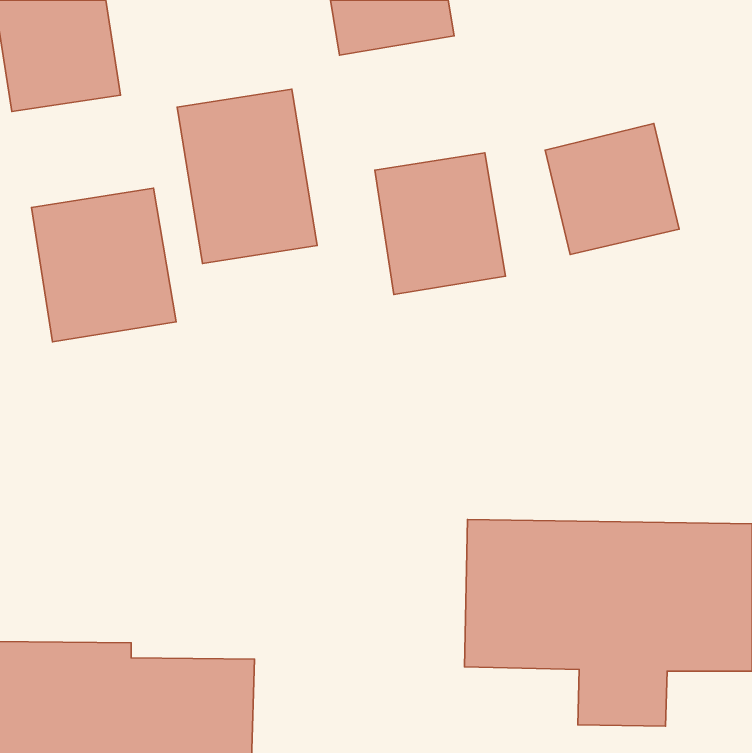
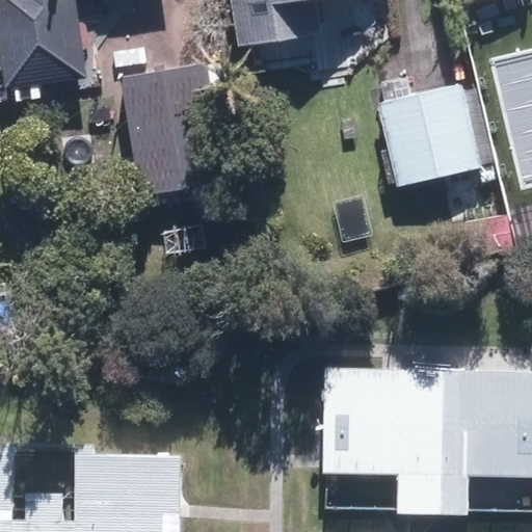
building: [375,153,505,294] -> none
building: [31,188,176,342] -> none

